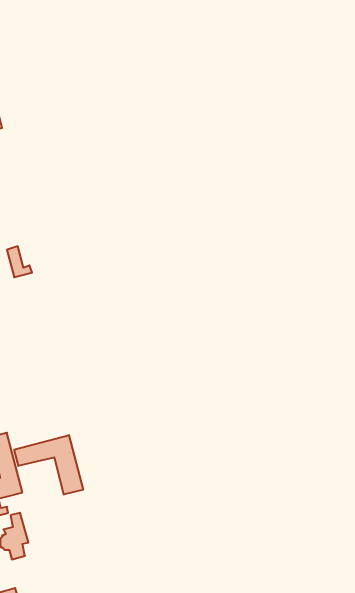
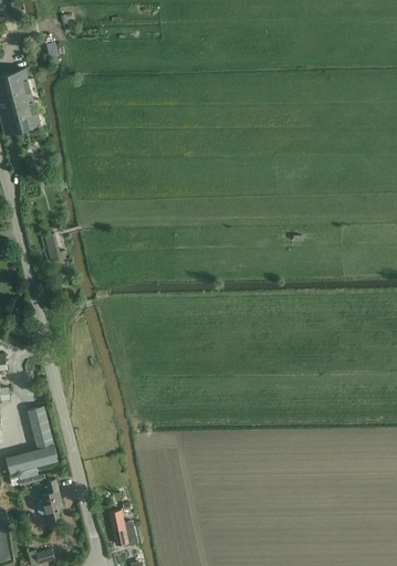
building: [14,435,83,495] -> none
building: none -> [109,511,137,547]

